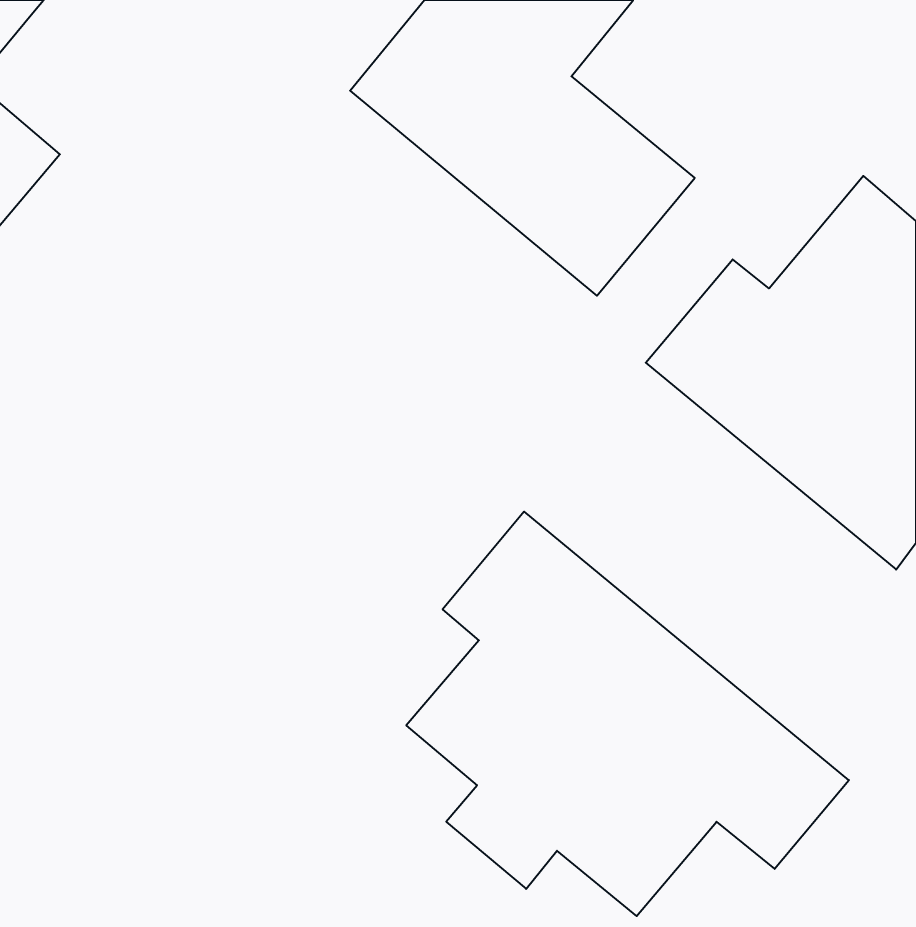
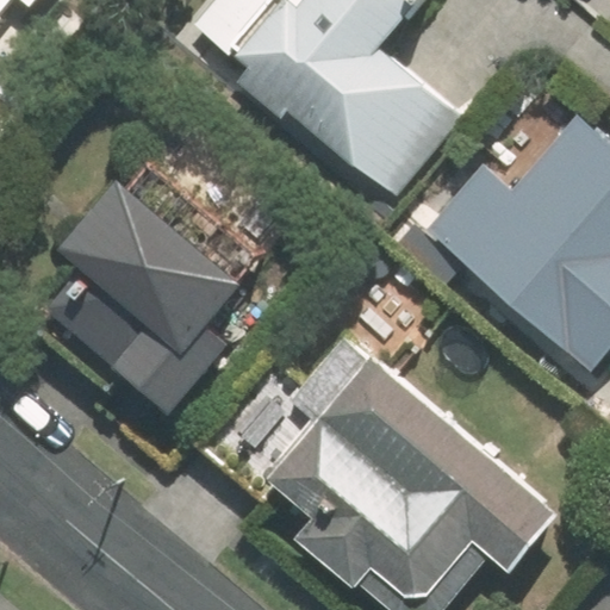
building: none -> [60,185,239,415]

